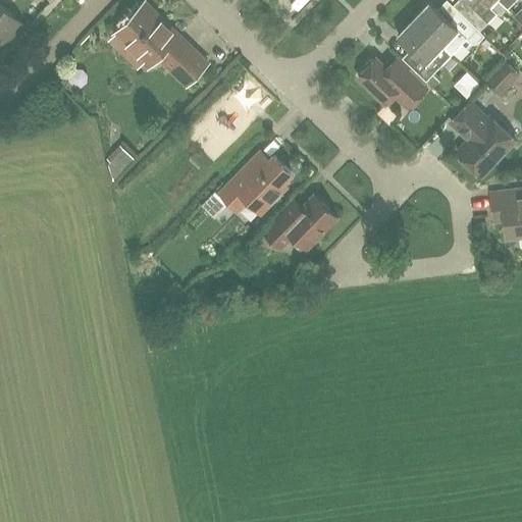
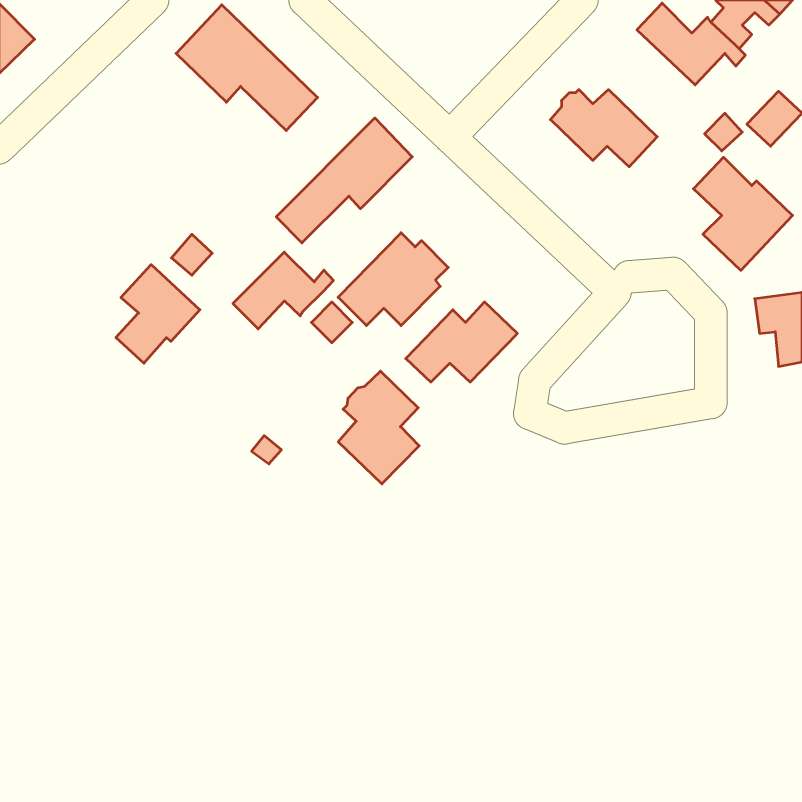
building: [397,20,451,90] -> none
building: none -> [276,118,412,243]
building: none -> [233,252,333,329]
building: none -> [116,265,200,363]
building: none -> [338,371,419,484]

